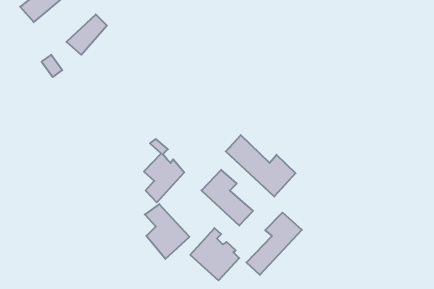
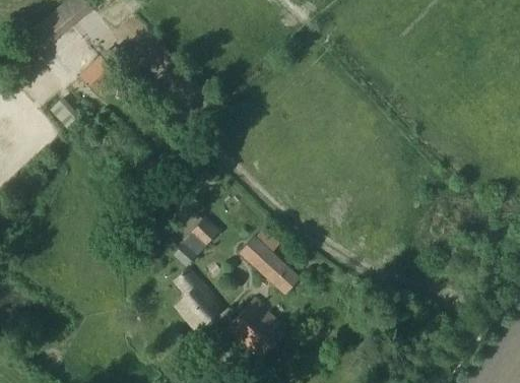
building: [226,135,296,197] -> none
building: [246,213,302,275] -> none

